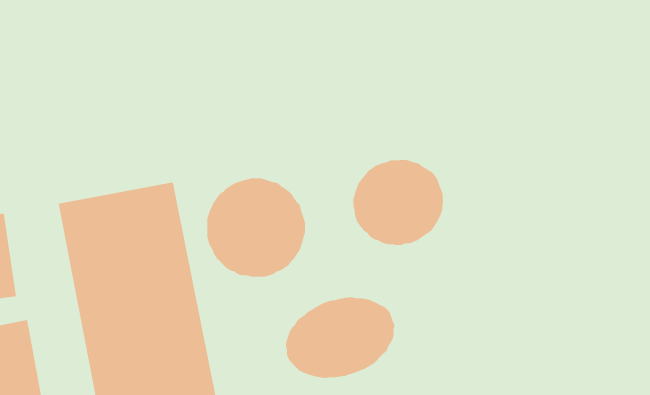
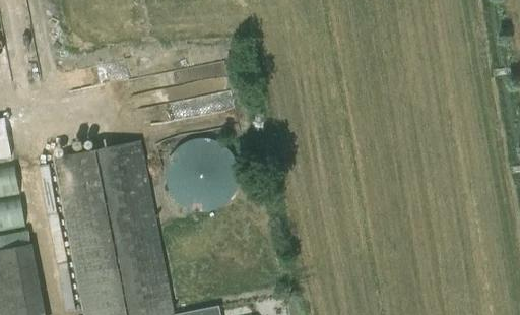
building: [353,159,443,246] -> none
building: [285,297,395,379] -> none

